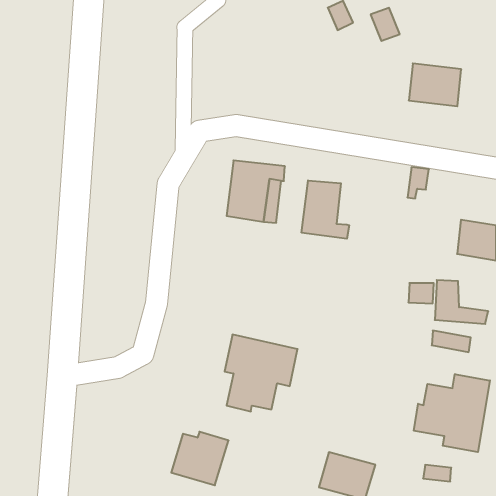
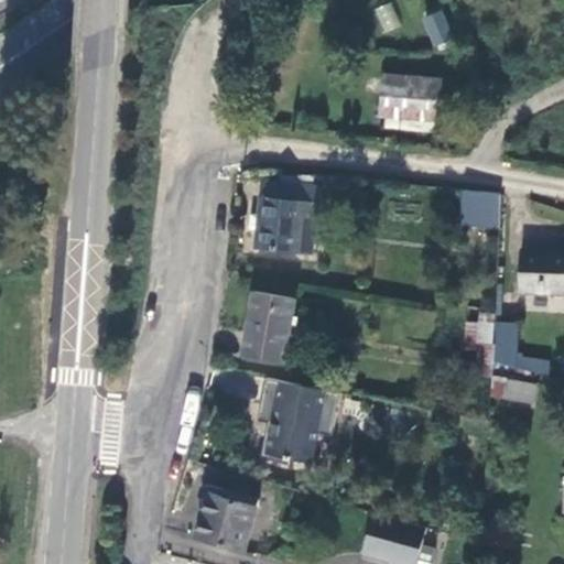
building: [409,63,461,106] -> [379,77,438,126]
building: [302,180,349,239] -> none
building: none -> [242,294,295,364]
building: [414,374,490,452] -> none

